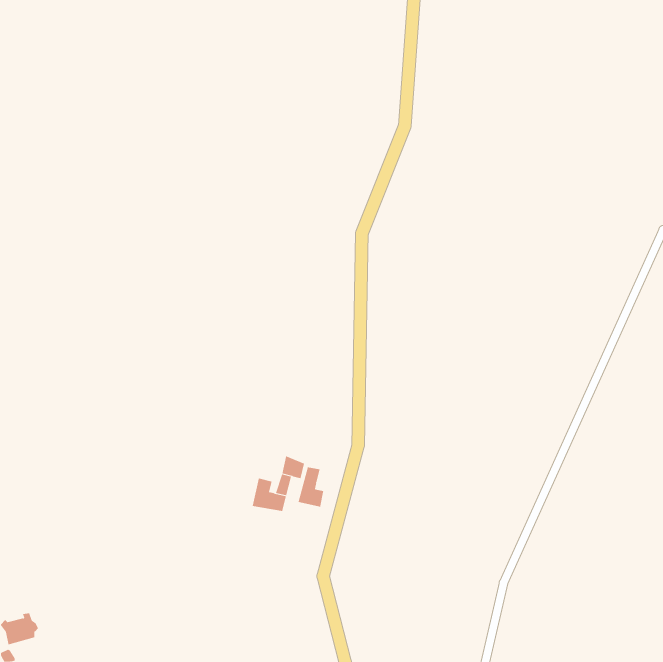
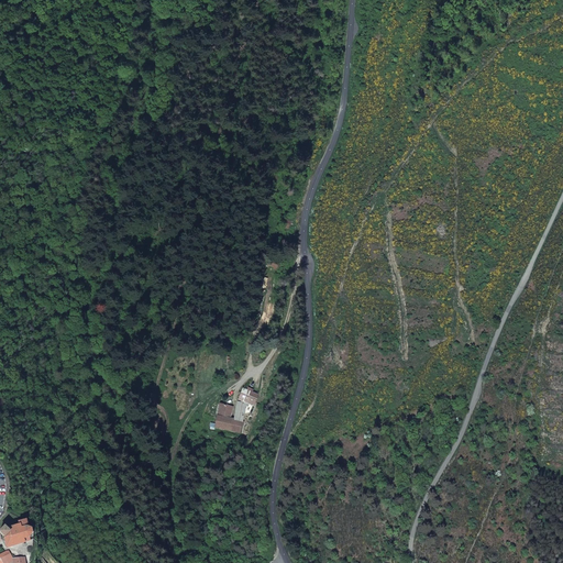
building: [298,466,324,508] -> none

